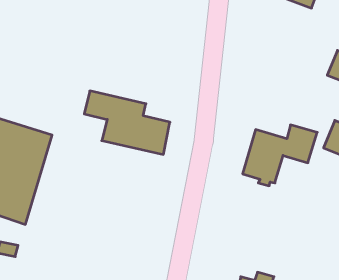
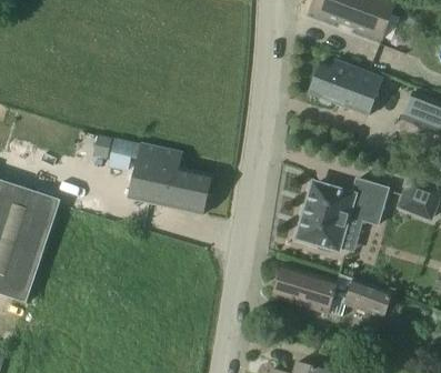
building: none -> [309,60,380,115]
building: none -> [272,265,394,320]

